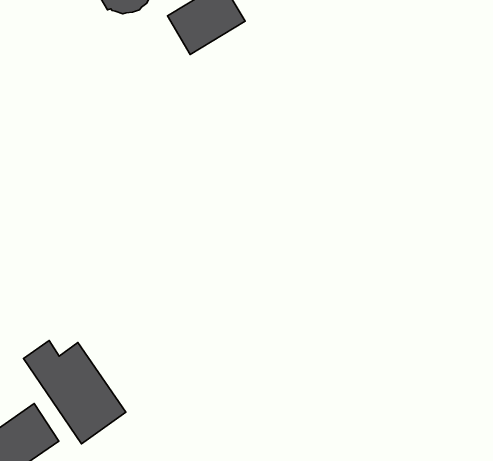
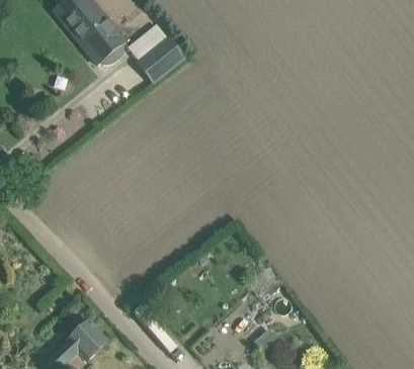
building: [23,340,126,444] -> none

